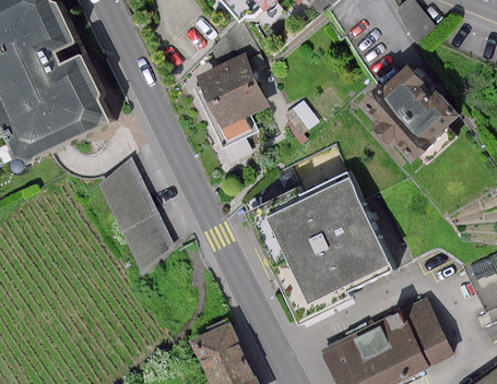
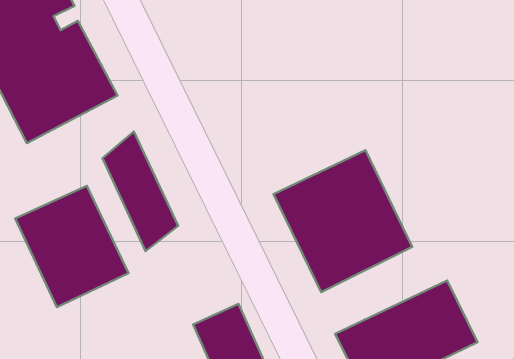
building: [189,43,272,146] -> none
building: [358,62,459,161] -> none
building: none -> [15,186,128,307]

